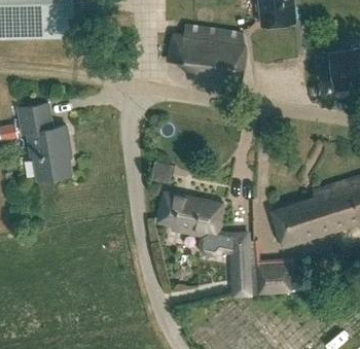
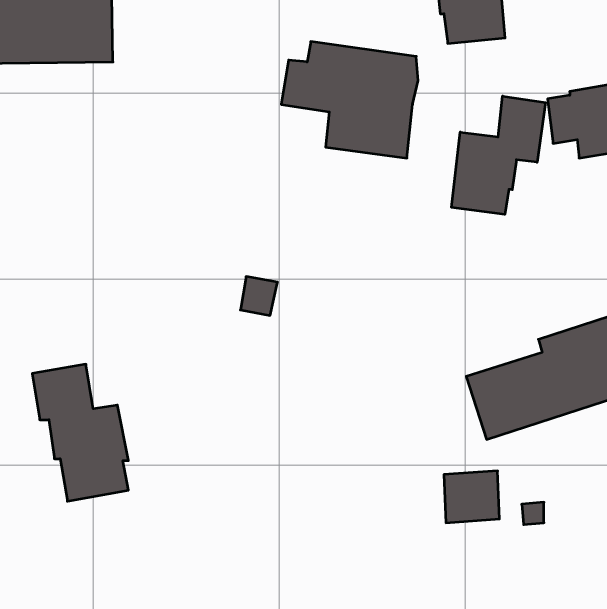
building: none -> [452,96,545,214]
building: [19,103,72,179] -> [32,364,128,501]
building: [158,191,256,296] -> none

